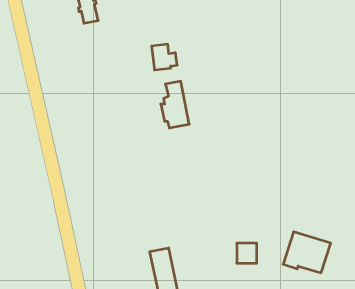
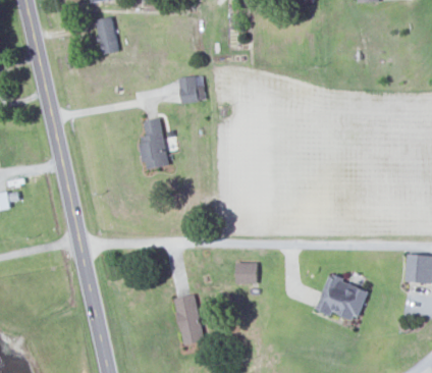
building: [161,81,189,128] -> [137,118,167,168]
building: [237,243,257,263] -> [236,262,258,283]

